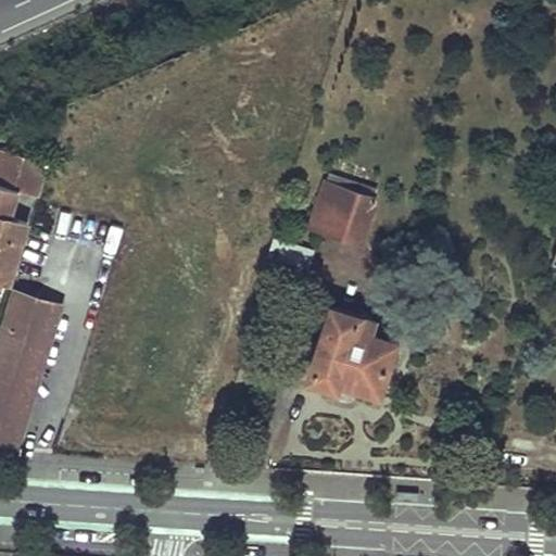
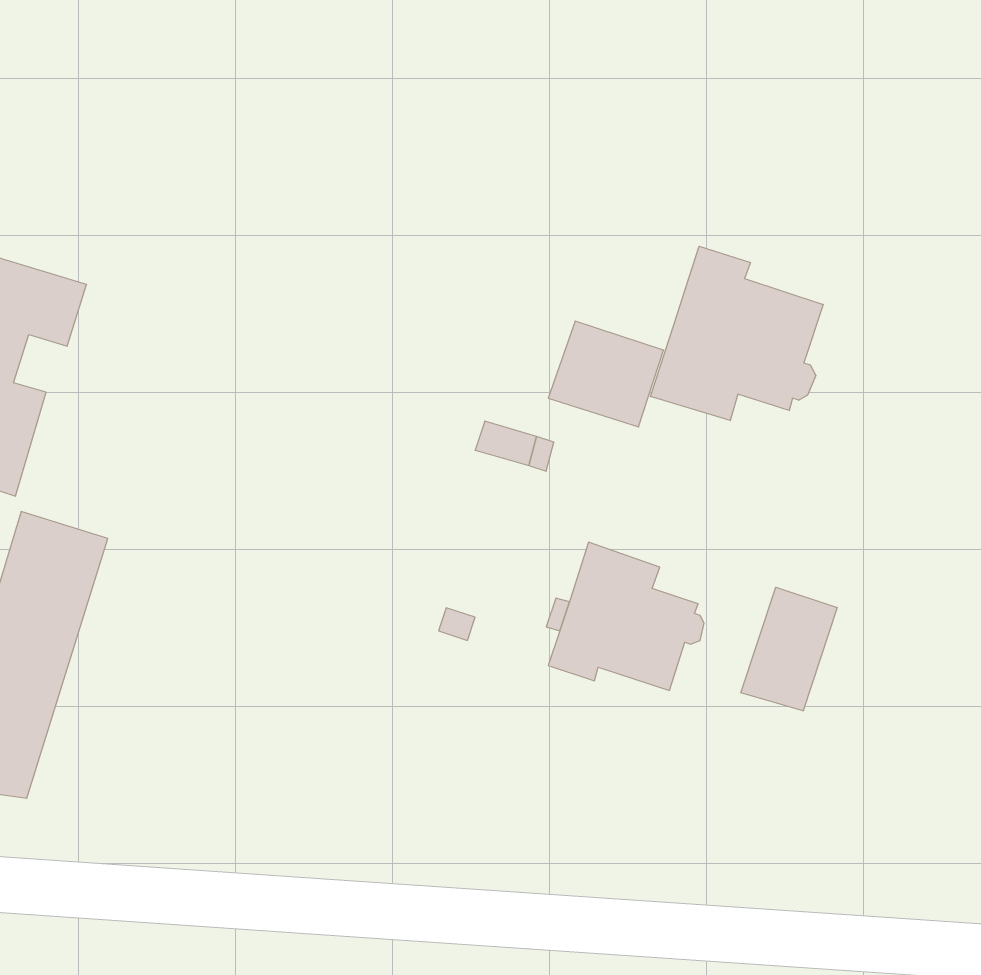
building: none -> [650,246,823,421]
building: none -> [741,587,837,711]

